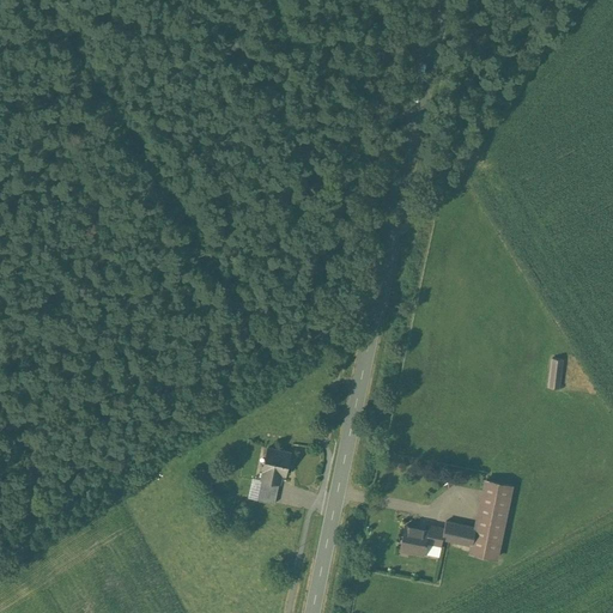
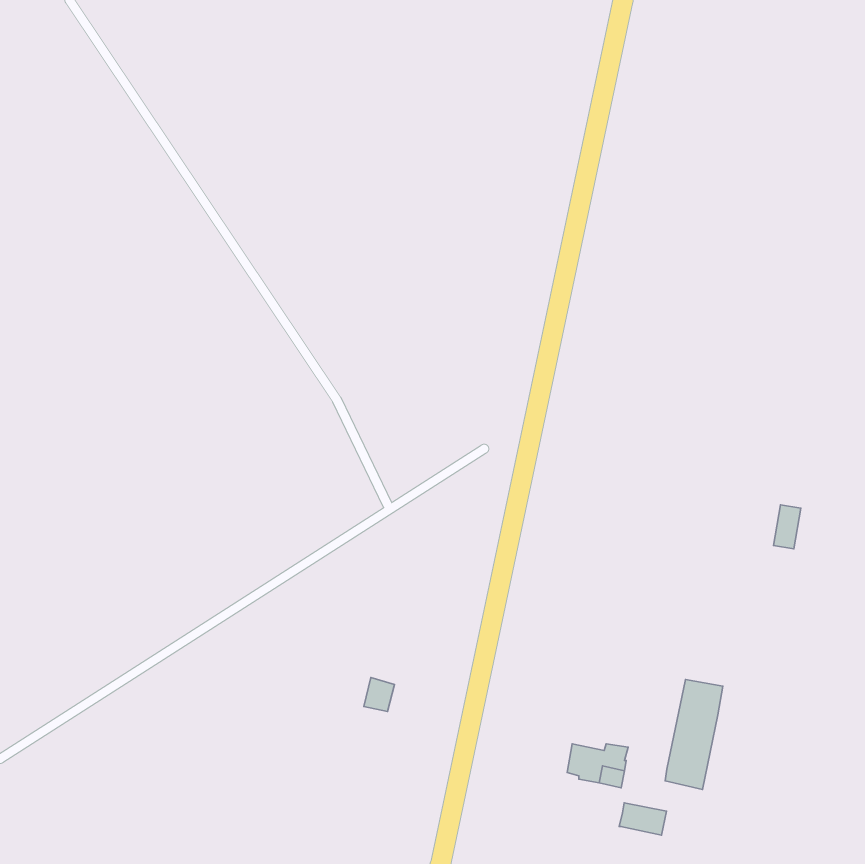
building: [262,449,291,485] -> none
building: [442,522,475,545] -> [619,803,667,835]

